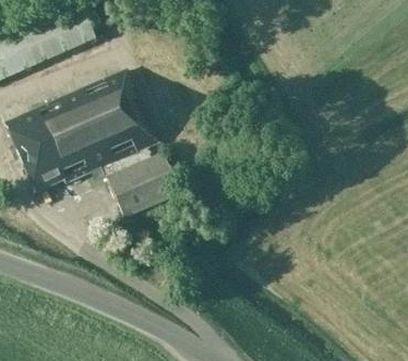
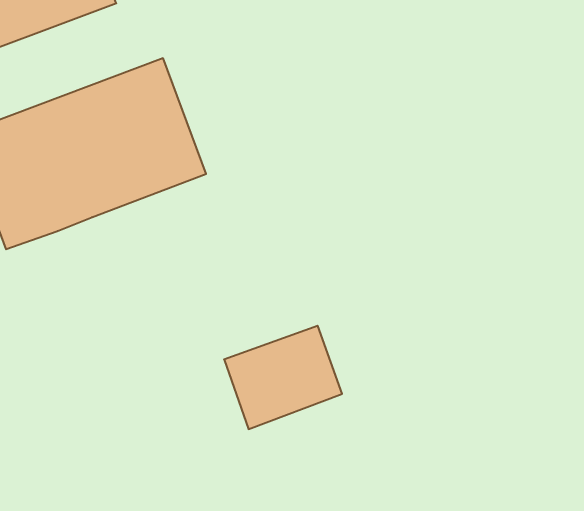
building: [106,154,179,219] -> [224,326,342,429]

